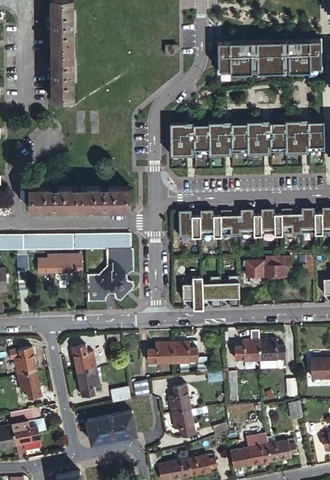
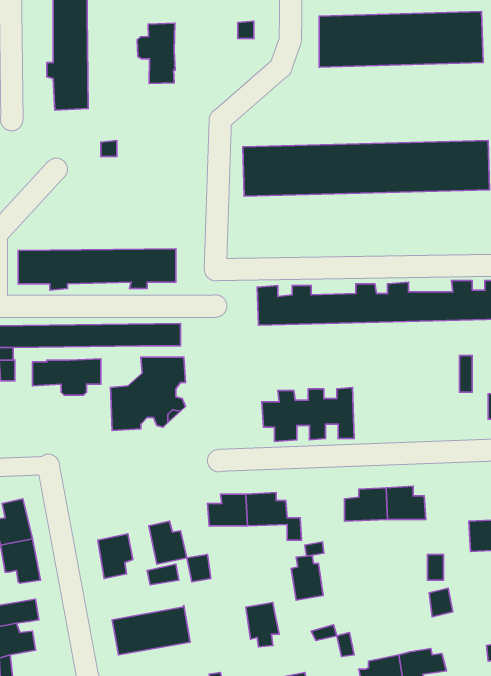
building: none -> [137,23,175,84]
building: [247,257,290,276] -> none
building: [73,344,97,371] -> [149,521,187,564]
building: [168,385,188,413] -> [291,556,323,600]

